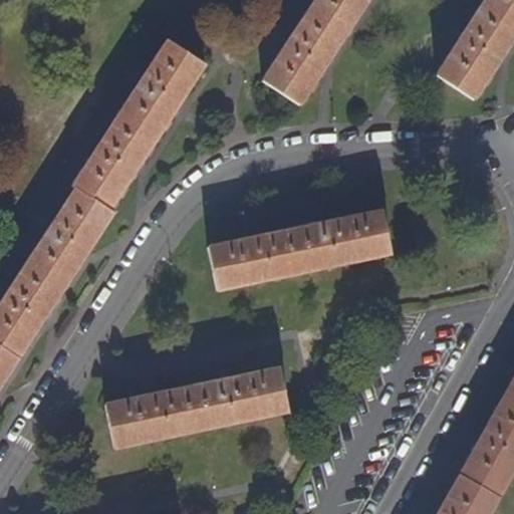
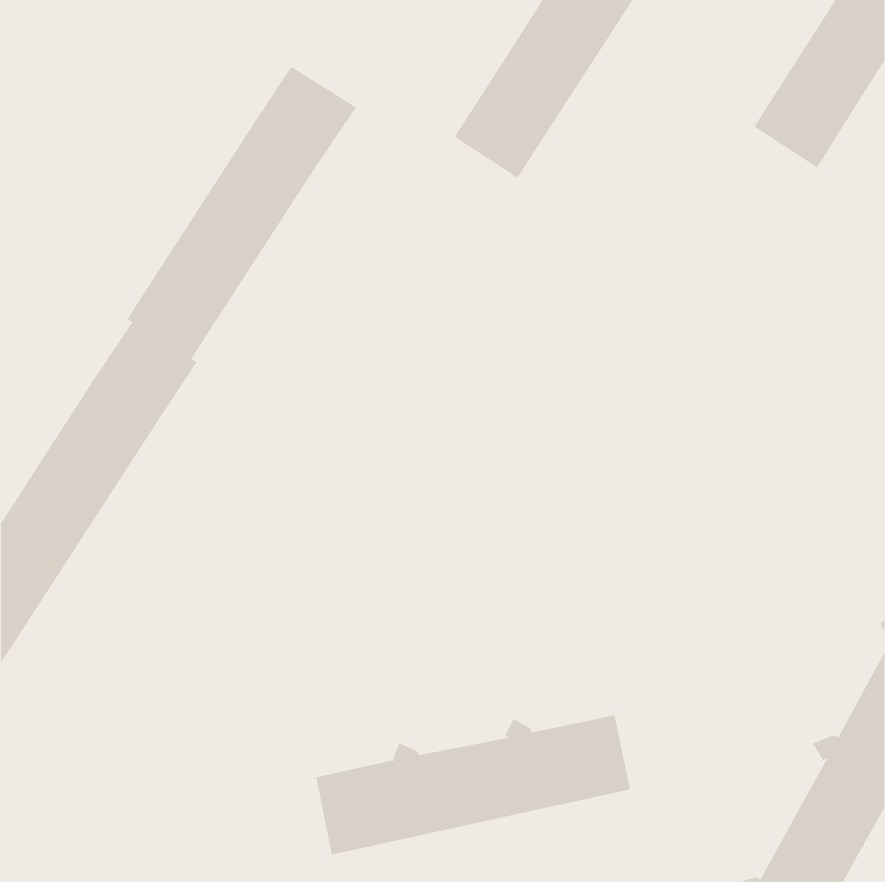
building: [208,209,392,288] -> none
building: [106,367,289,449] -> [316,715,631,855]

